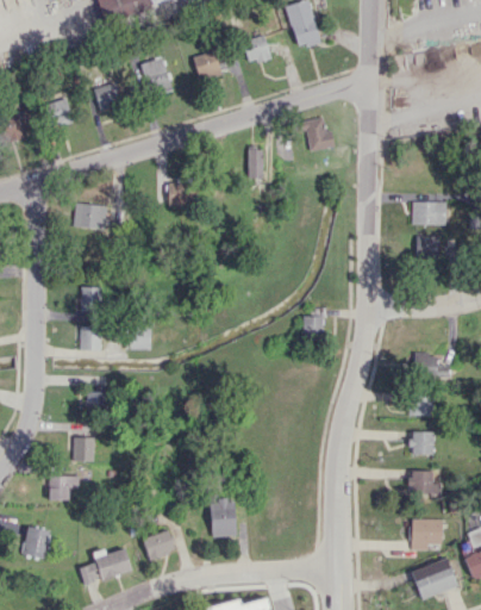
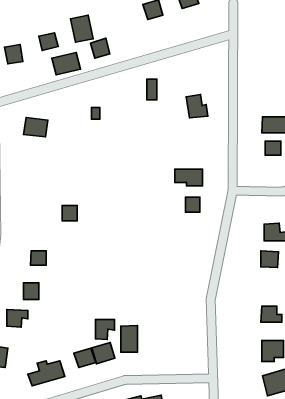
building: [193,50,220,79] -> [91,38,110,58]
building: none -> [52,53,80,75]
building: [302,117,333,150] -> [186,94,208,118]
building: none -> [175,169,202,186]
building: [80,287,102,312] -> none
building: [79,325,100,350] -> none
building: [410,431,433,454] -> none
building: none -> [95,319,115,340]
building: none -> [92,342,115,364]

